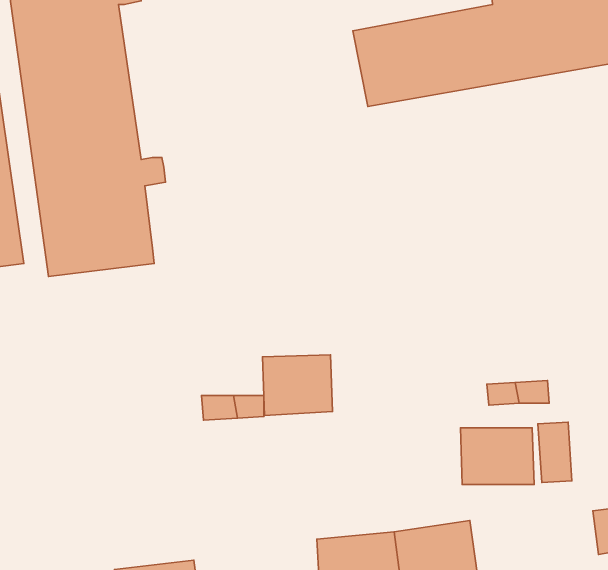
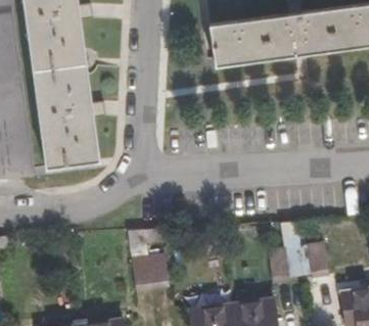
building: [263,355,333,415] -> [132,253,170,286]

